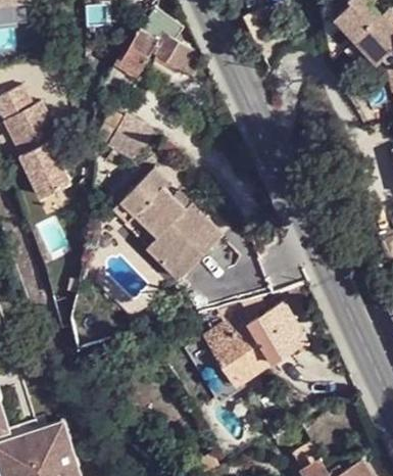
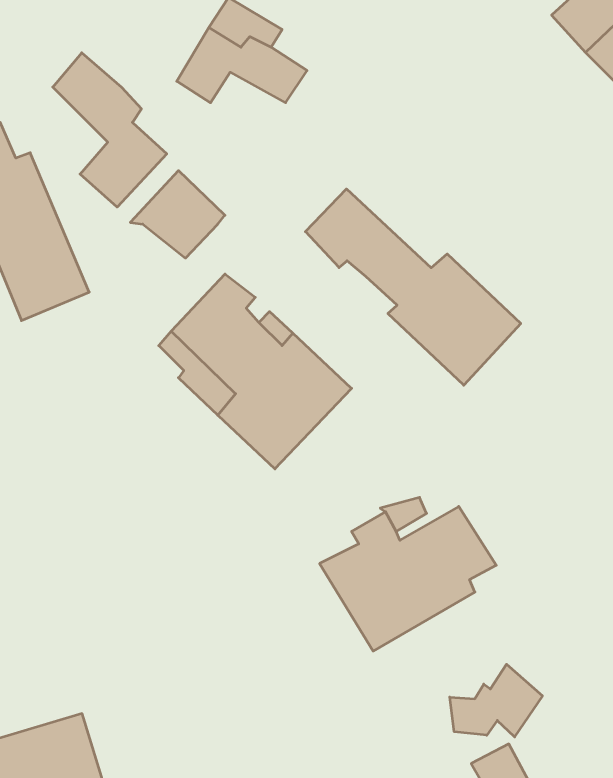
building: none -> [53,53,167,207]
building: none -> [305,189,521,385]
building: none -> [450,664,542,737]

